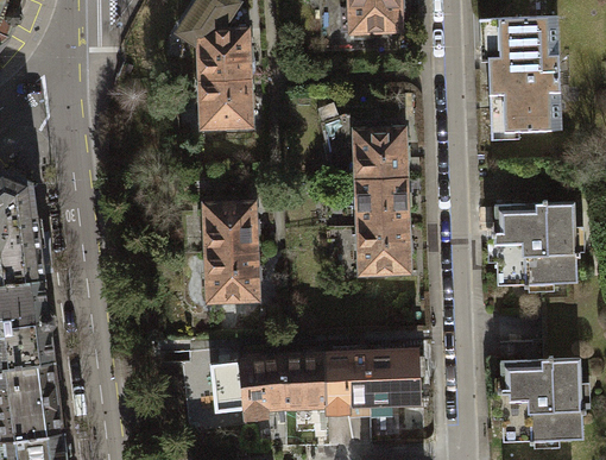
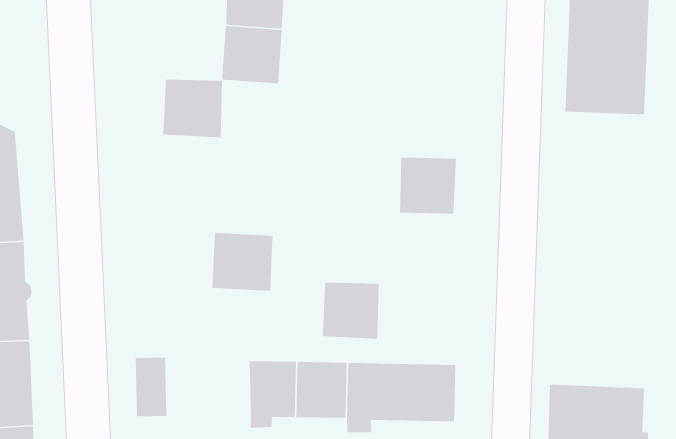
building: [354,130,403,179] -> none
building: [491,202,579,285] -> none
building: [202,204,253,254] -> [162,79,223,138]
building: [358,225,406,273] -> [322,282,379,340]
building: [214,360,245,412] -> [135,357,167,417]

